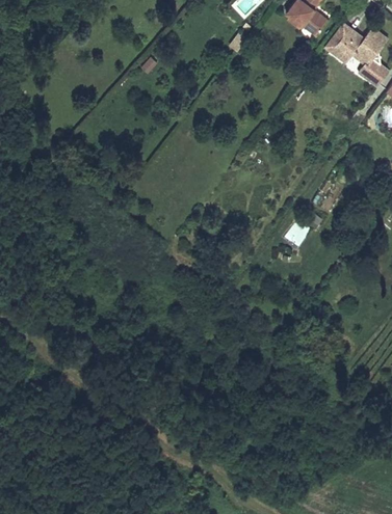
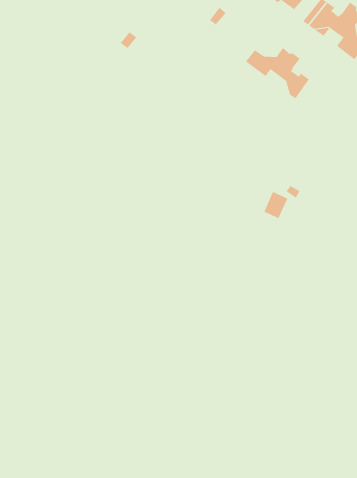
building: none -> [245,47,310,99]

